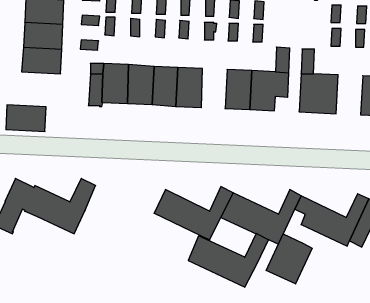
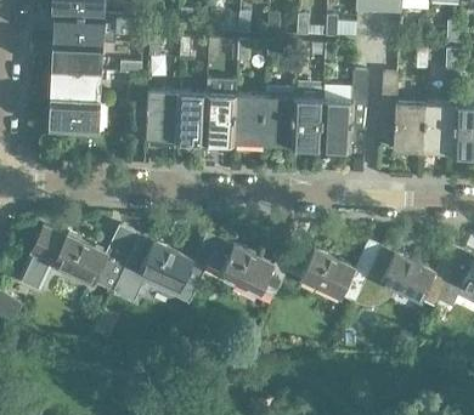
building: none -> [263,100,293,147]
building: none -> [422,107,453,154]
building: [6,105,46,132] -> [49,103,96,135]
building: [188,234,268,287] -> [125,235,220,299]
building: [266,234,312,284] -> none

